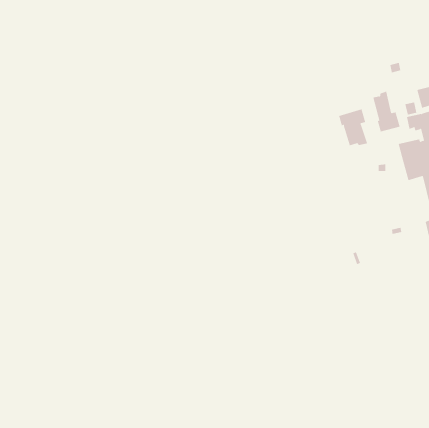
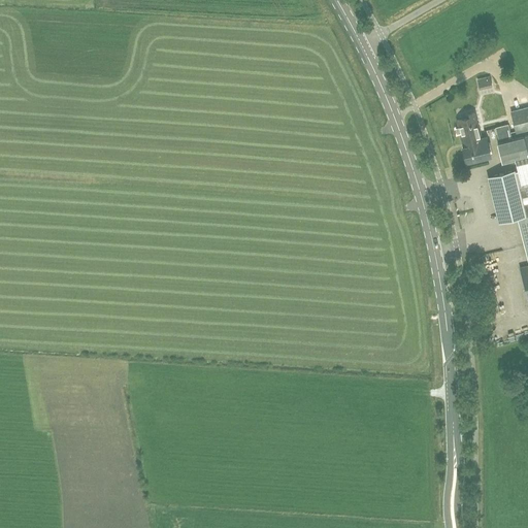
building: [339,108,368,146] -> none

